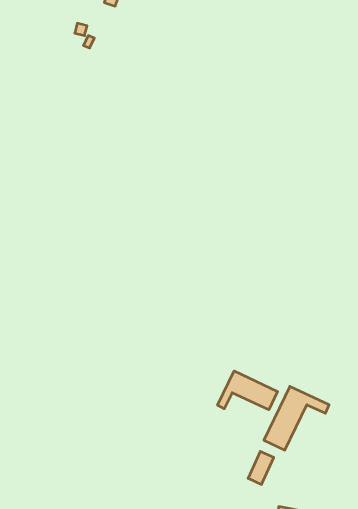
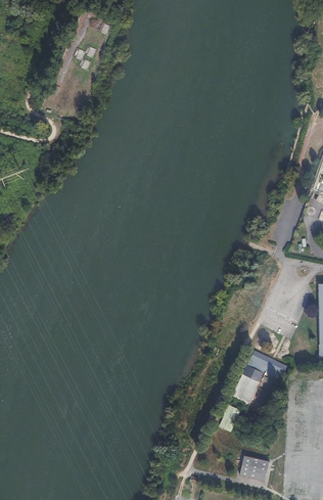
building: [218,371,278,410] -> none

